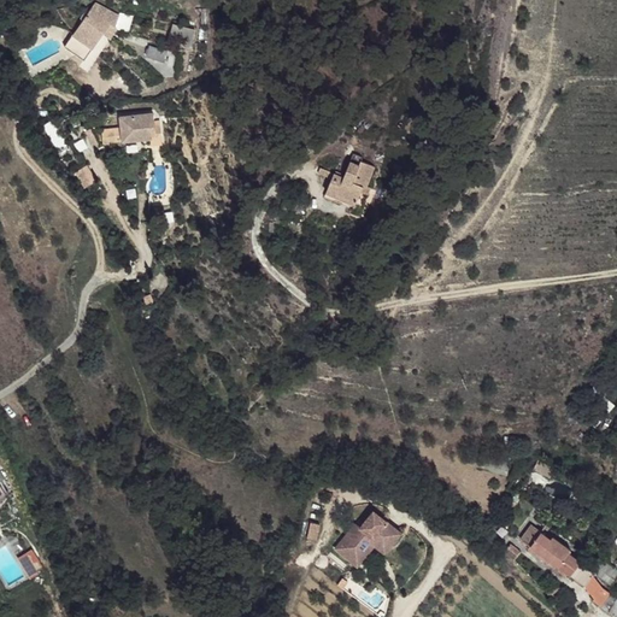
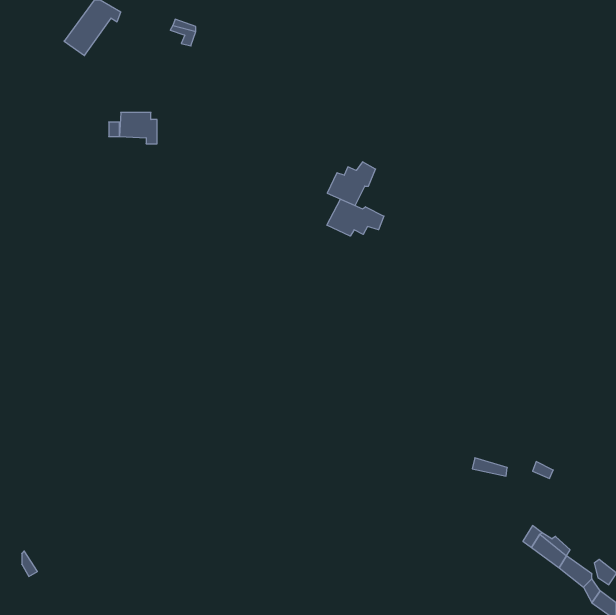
building: none -> [327,199,384,236]
building: [335,513,400,565] -> none

